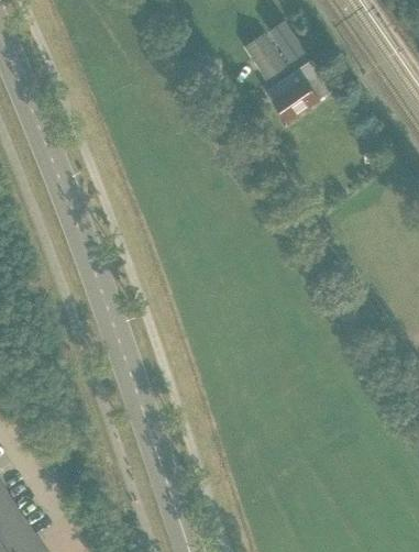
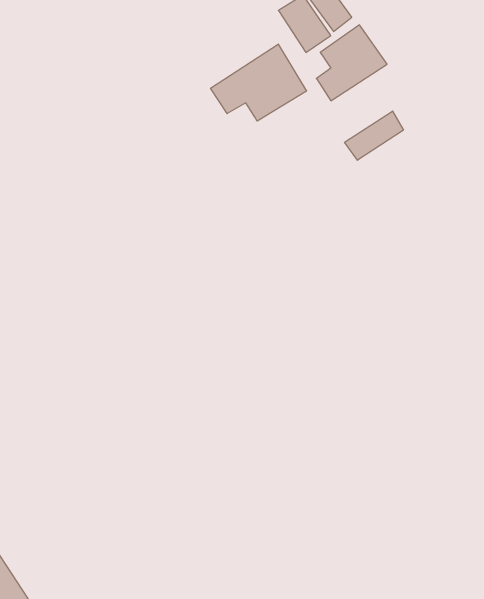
building: none -> [211,44,307,121]
building: none -> [345,111,403,160]

